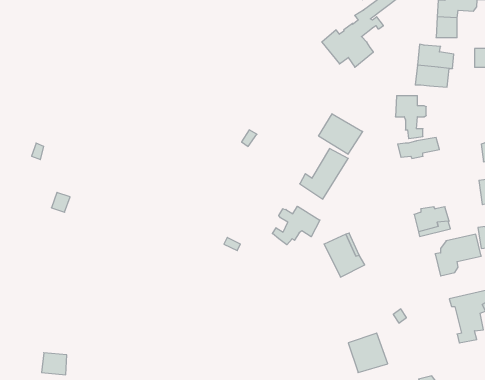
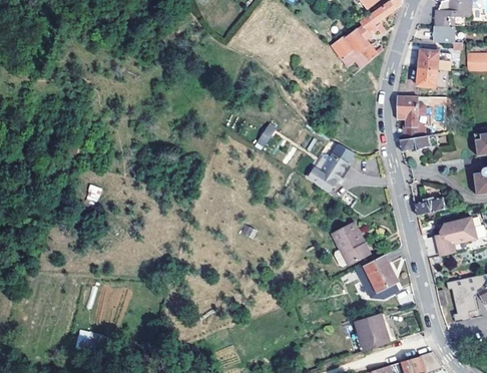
building: [319,114,363,154] -> none
building: [272,206,320,245] -> none
building: none -> [357,254,400,297]

